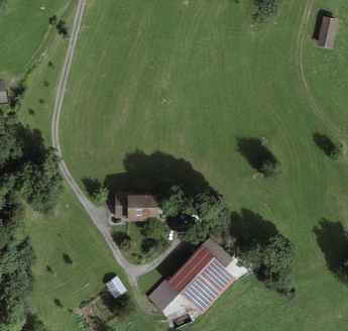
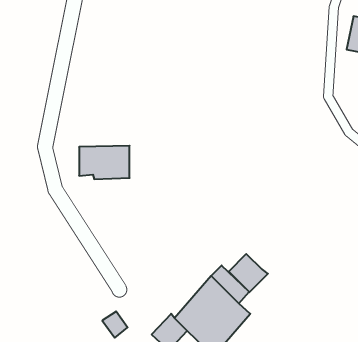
building: [114,192,158,221] -> [79,146,130,179]
building: none -> [229,254,268,292]

